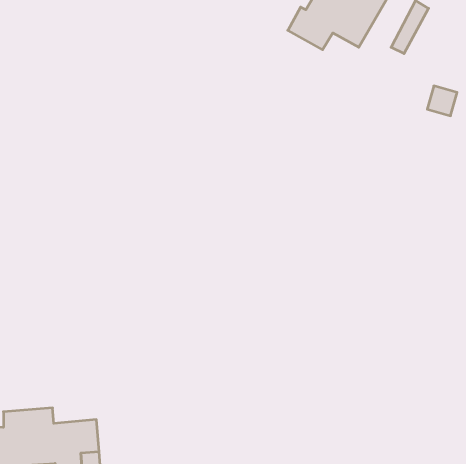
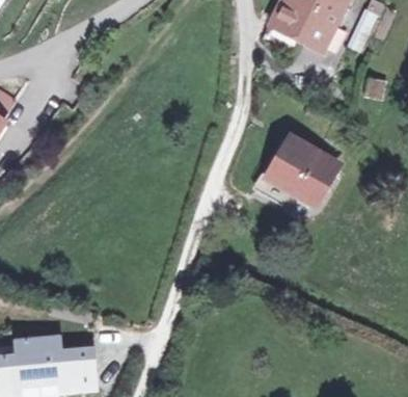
building: none -> [261,134,337,204]

